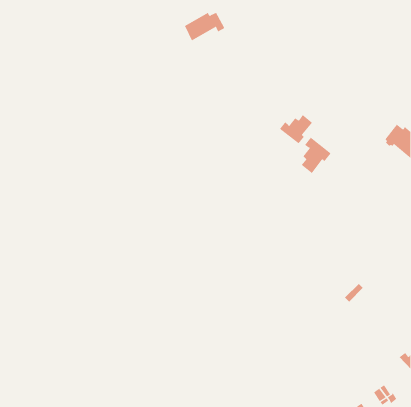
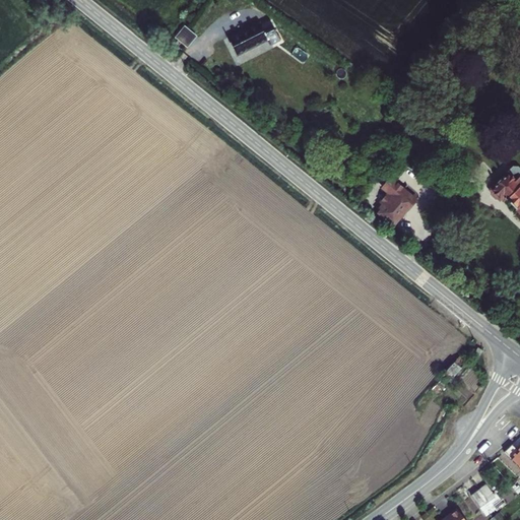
building: [279,114,313,144] -> none

